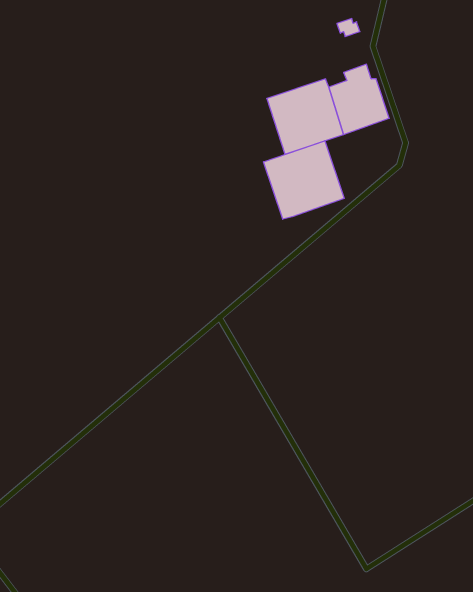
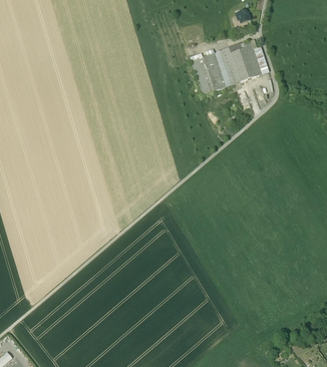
building: [264,141,344,219] -> none

